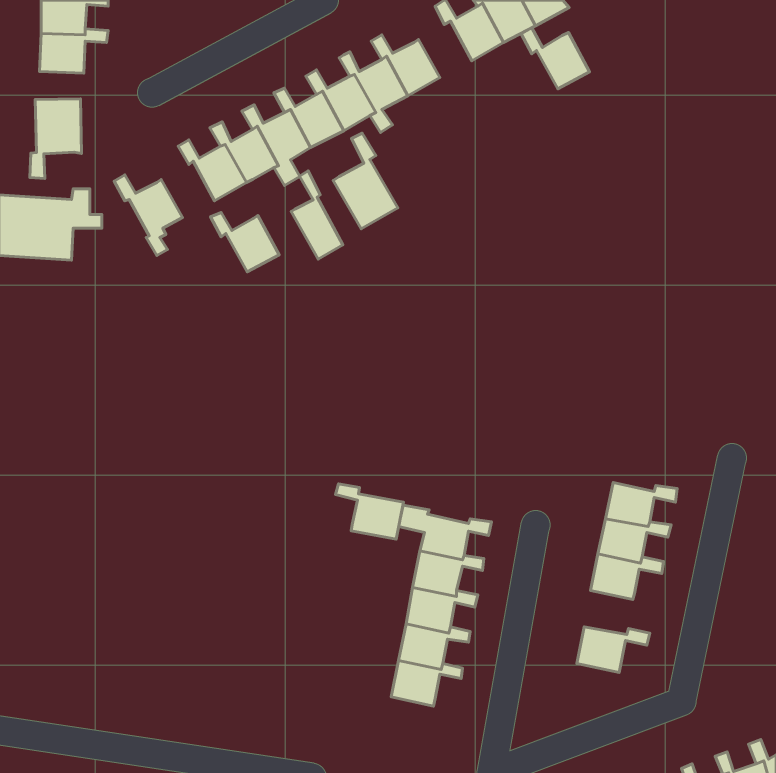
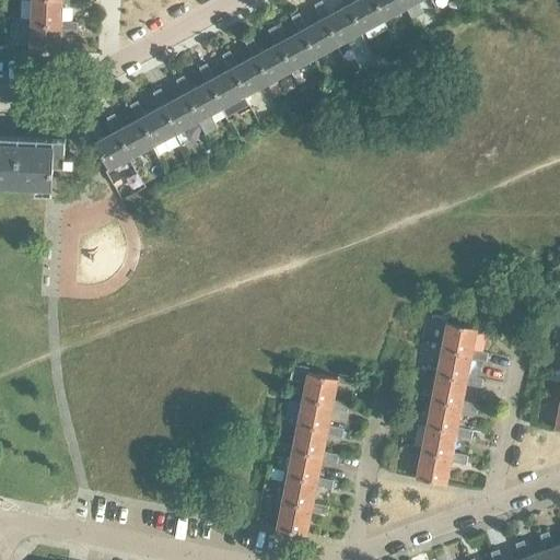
building: [521,28,590,89] -> [290,15,339,59]
building: [30,99,81,178] -> none
building: [333,133,398,229] -> none
building: [291,171,343,259] -> none
building: [211,212,279,272] -> [105,117,154,160]
building: none -> [441,324,492,357]
building: [336,484,403,539] -> none
building: none -> [420,428,472,459]
building: none -> [276,504,328,537]

